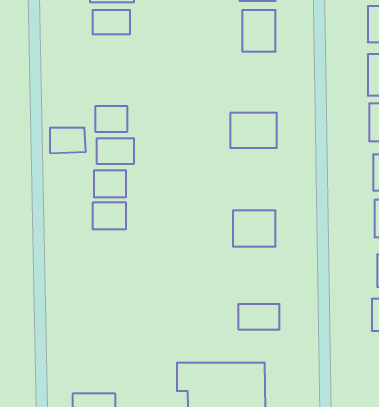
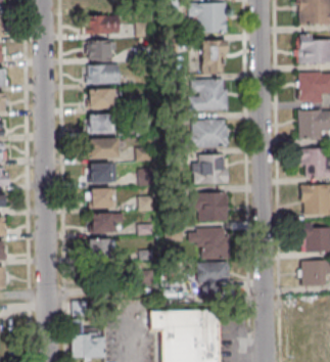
building: none -> [85,63,117,83]
building: none -> [190,79,226,109]
building: [50,128,86,153] -> [87,89,114,108]
building: none -> [193,154,227,183]
building: none -> [90,213,111,232]
building: none -> [188,229,229,260]
building: none -> [90,239,113,257]

